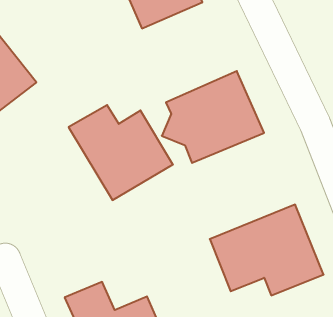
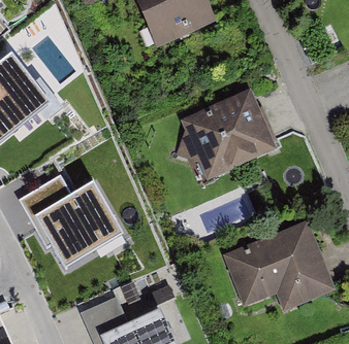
building: [69,105,173,200] -> [23,172,126,266]

